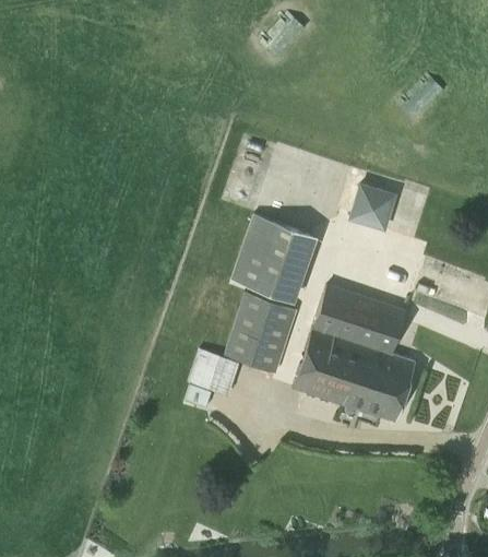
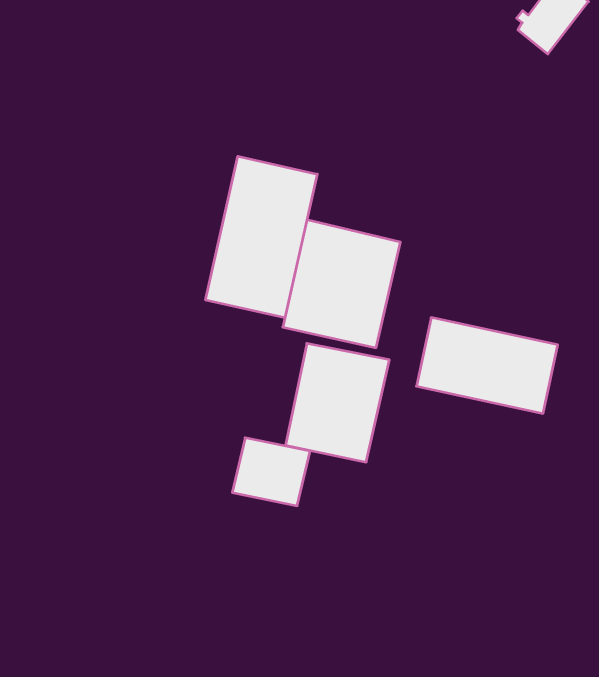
building: none -> [206,156,317,318]
building: [352,187,395,230] -> none
building: [294,329,416,422] -> none

